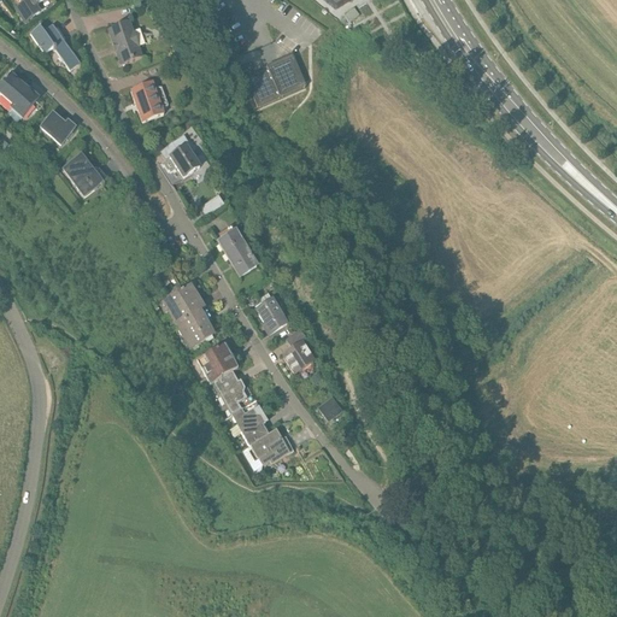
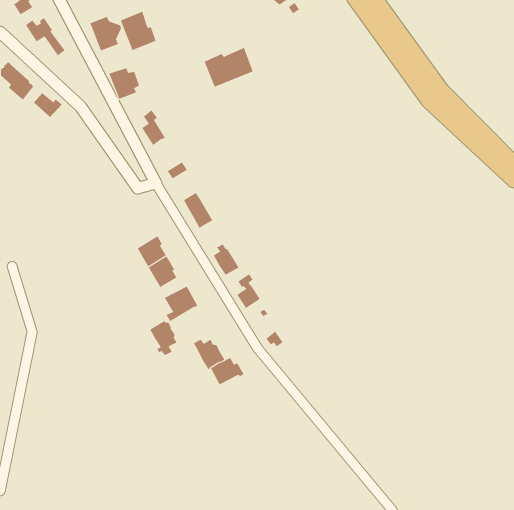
building: none -> [120,11,156,51]
building: [61,152,106,193] -> none
building: [213,369,247,411] -> [149,320,178,356]

